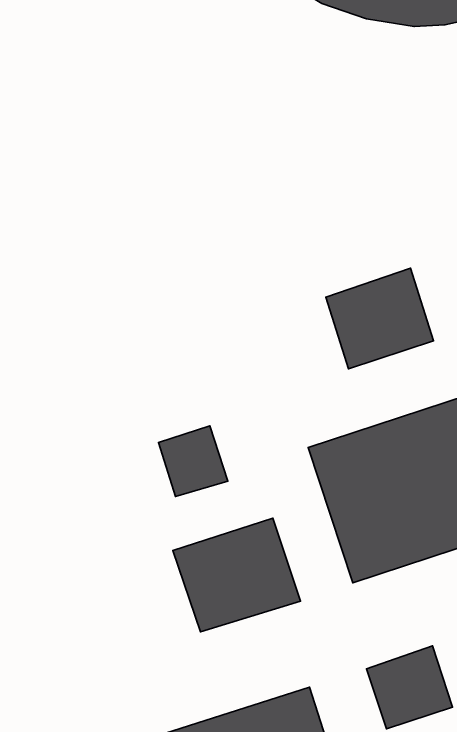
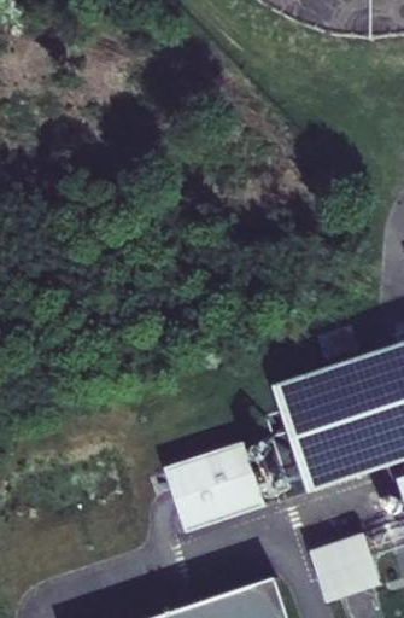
building: [326,268,434,369] -> none
building: [158,426,228,497] -> none

